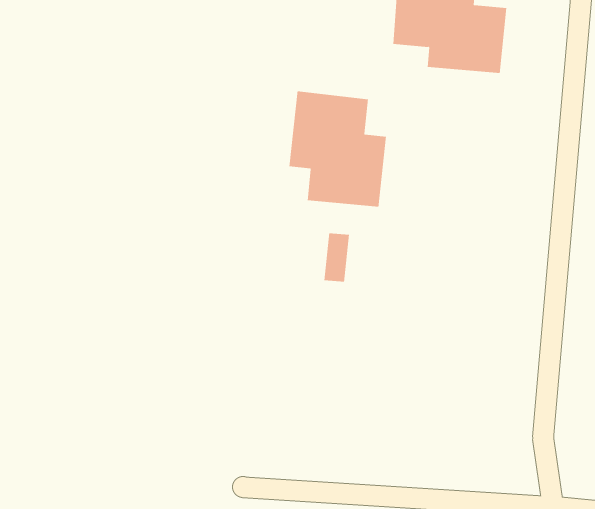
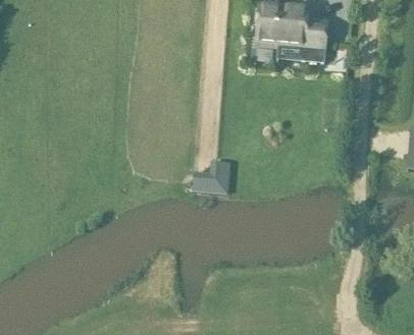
building: [289,91,386,208] -> none

